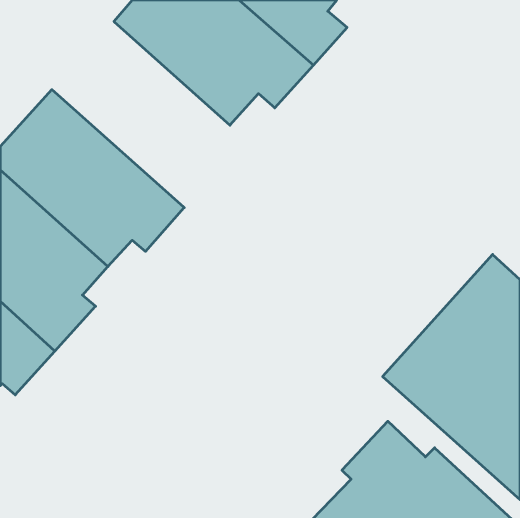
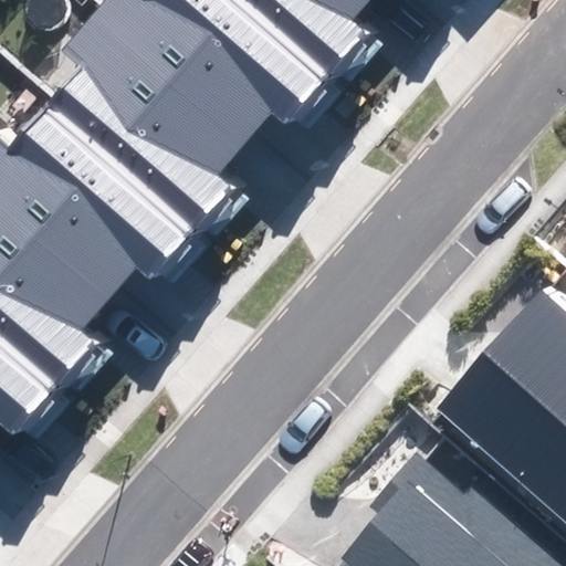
building: none -> [56,25,250,228]

